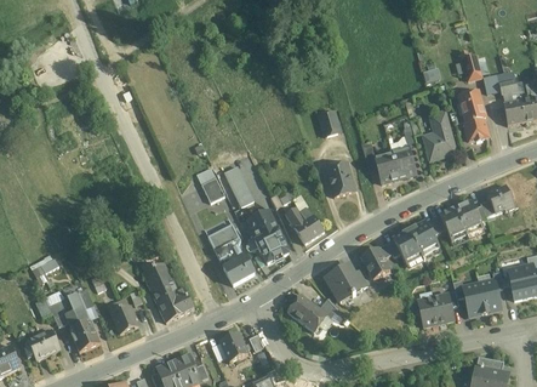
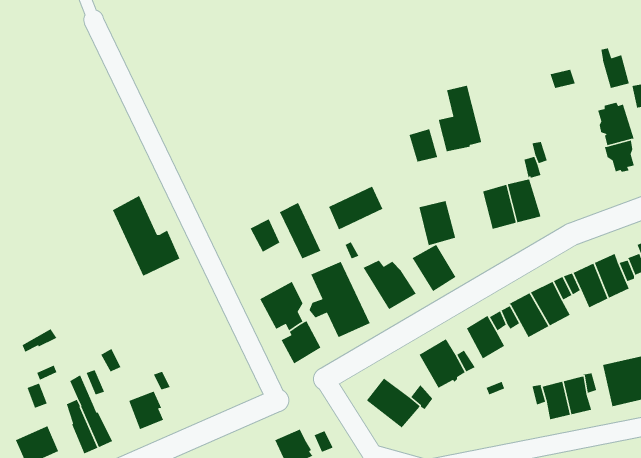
building: [422,110,455,160] -> [438,85,482,152]
building: none -> [328,186,383,231]
building: none -> [412,244,456,292]
building: [142,260,193,320] -> [112,195,181,277]

